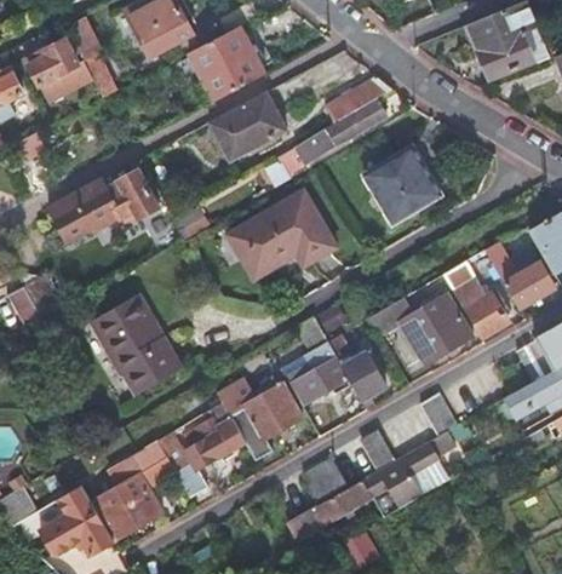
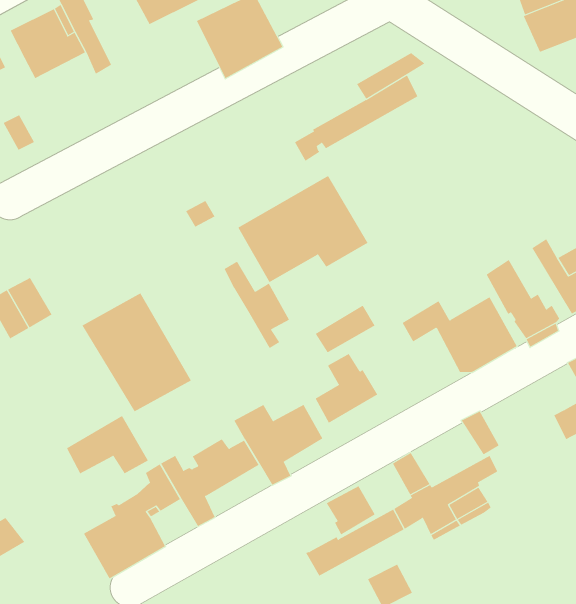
building: [210,90,287,160] -> none
building: [361,144,443,225] -> none
building: [47,170,157,242] -> none
building: [327,333,385,411] -> [224,261,290,349]
building: [40,501,113,553] -> [66,415,149,474]

